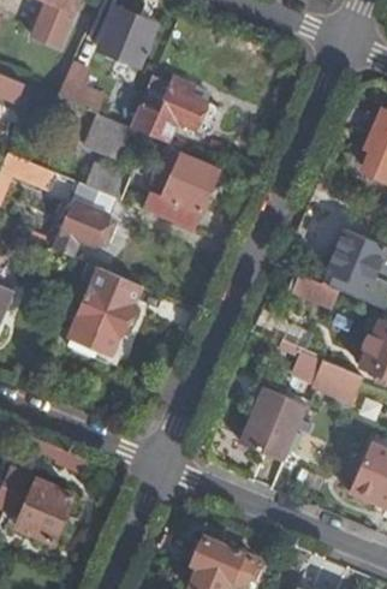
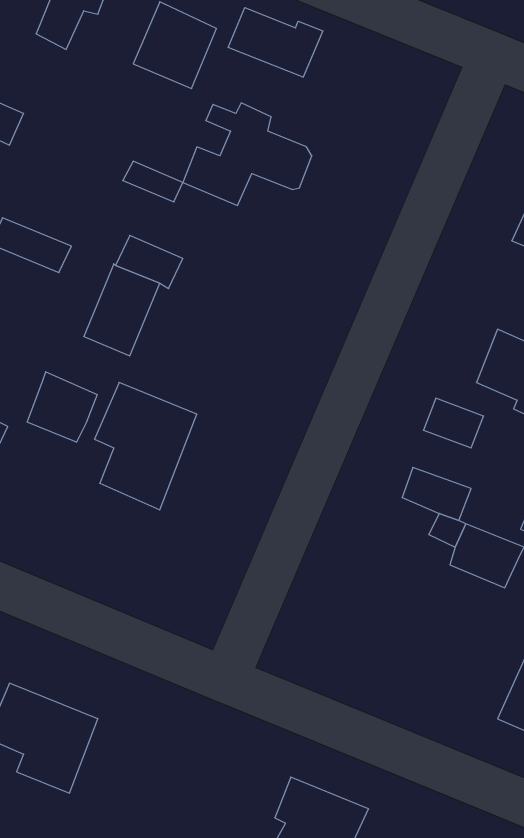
building: none -> [228,8,323,77]
building: [58,64,105,114] -> none
building: [141,150,219,231] -> none
building: none -> [27,372,97,442]
building: [239,387,306,462] -> none

